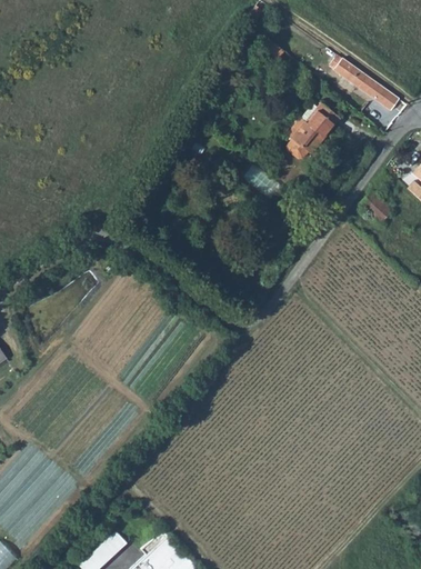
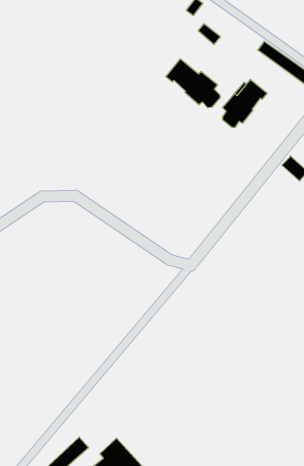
building: none -> [166,59,220,108]

